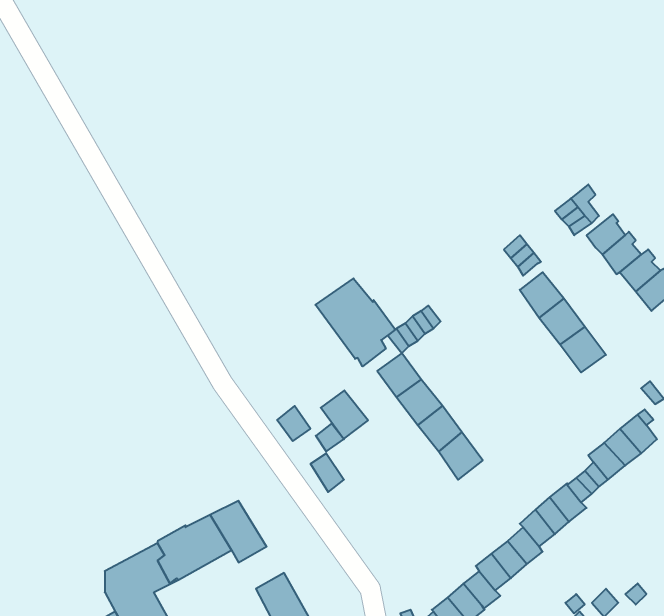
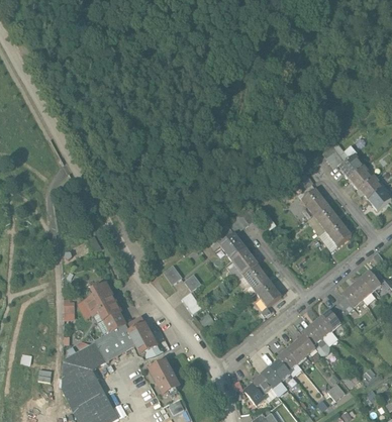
building: [315,278,395,366] -> none
building: [321,390,368,439] -> none
building: none -> [84,285,123,333]

